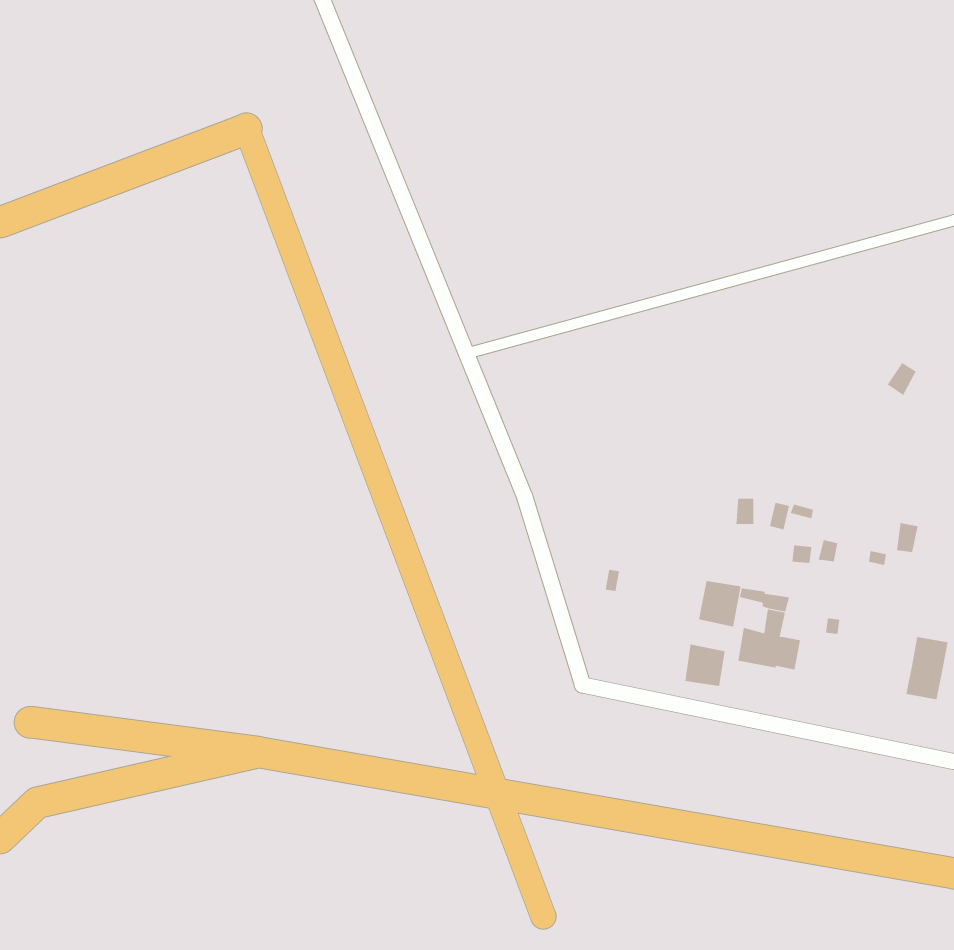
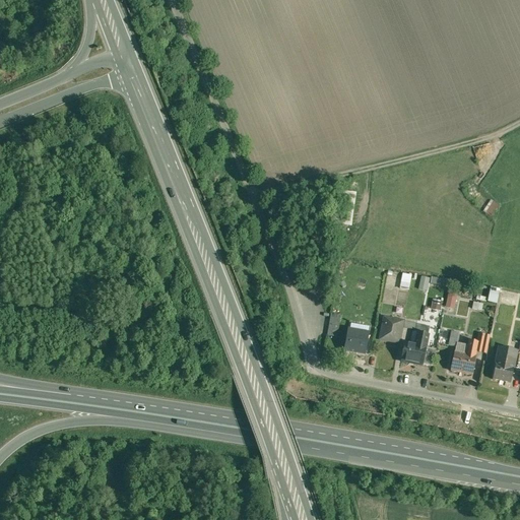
building: none -> [450,339,478,374]
building: [684,644,725,687] -> [345,328,368,351]

